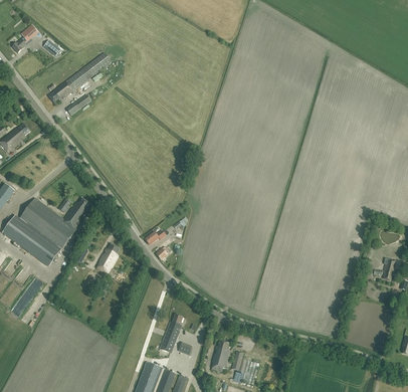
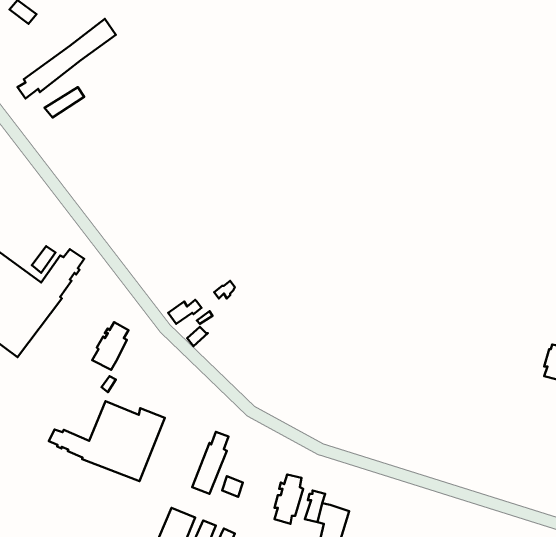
building: none -> [49,401,165,481]

